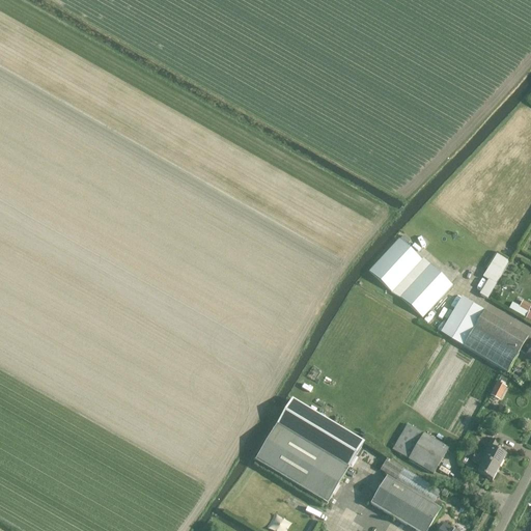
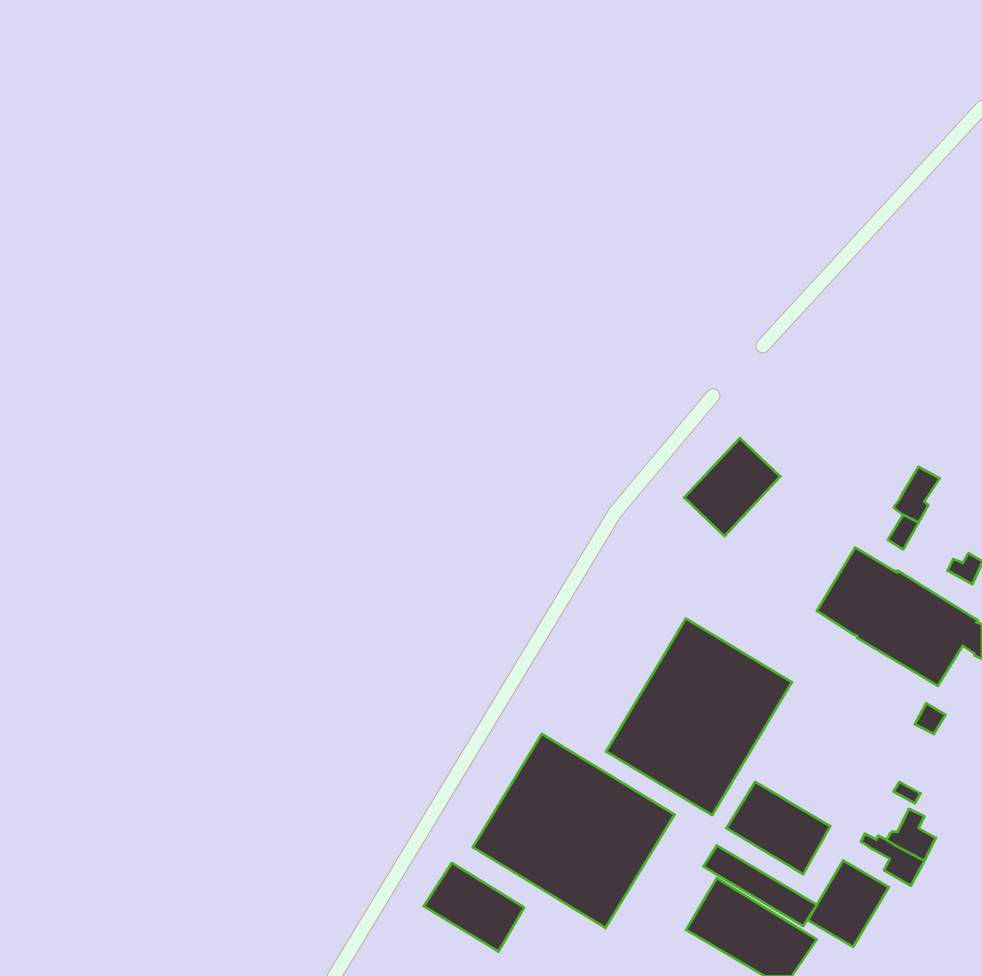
building: [399,262,452,315] -> none
building: none -> [606,619,792,815]
building: none -> [808,860,889,947]
building: none -> [424,863,524,952]

